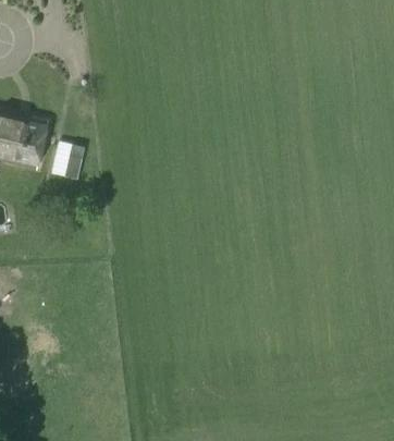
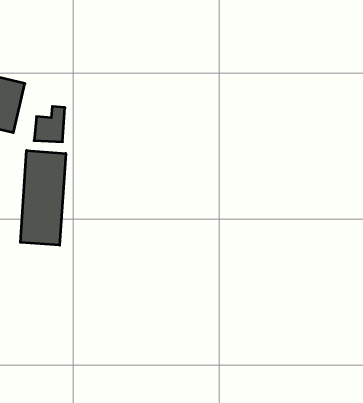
building: none -> [20,150,66,245]

